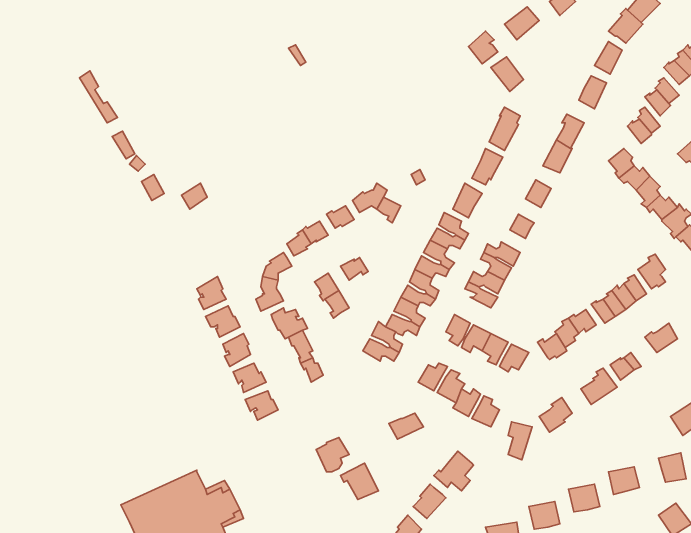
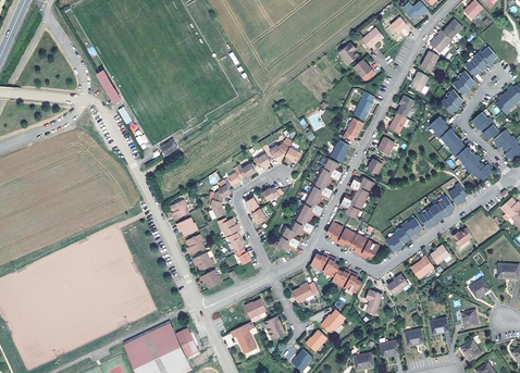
building: none -> [231,322,257,353]

